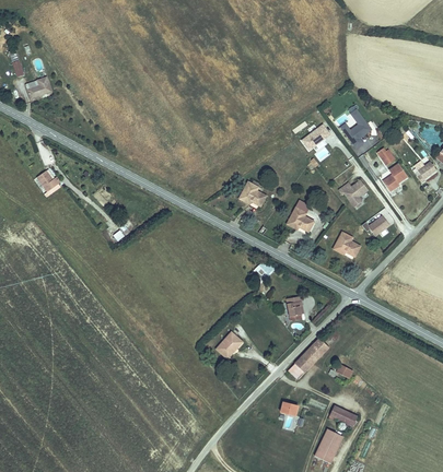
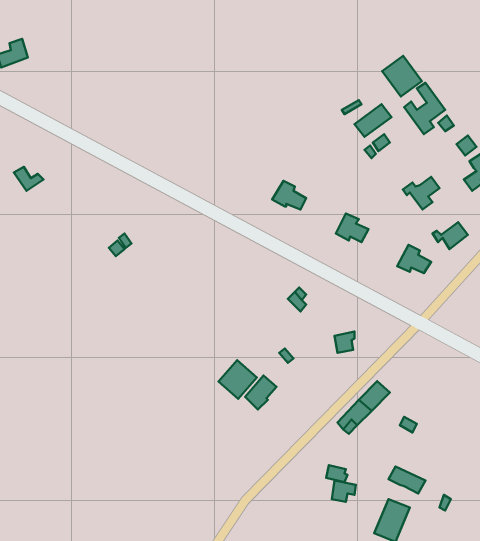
building: none -> [382,56,422,96]
building: none -> [219,360,257,399]

